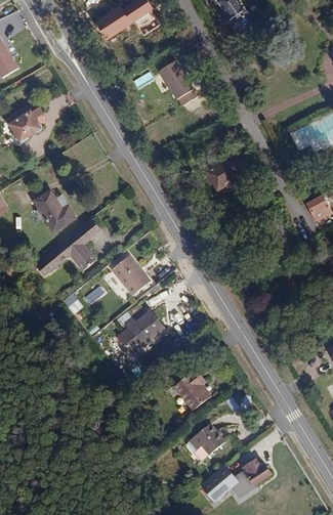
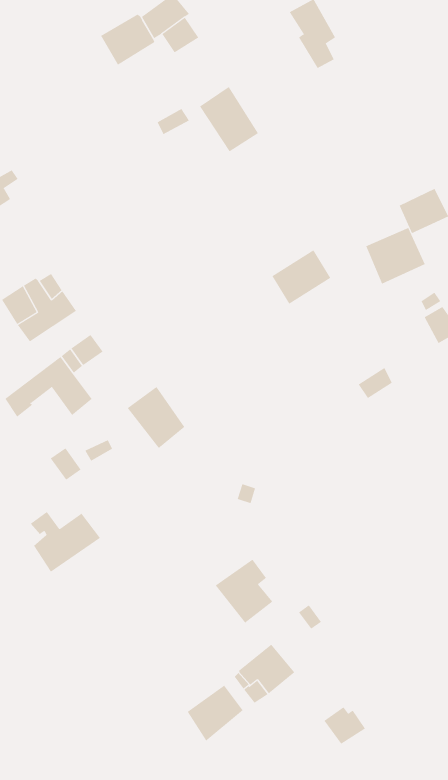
building: none -> [365,227,426,285]
building: [112,312,158,352] -> [30,511,101,572]
building: [198,467,235,504] -> [187,685,243,742]

